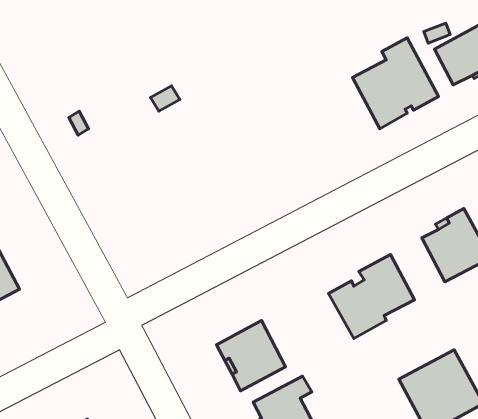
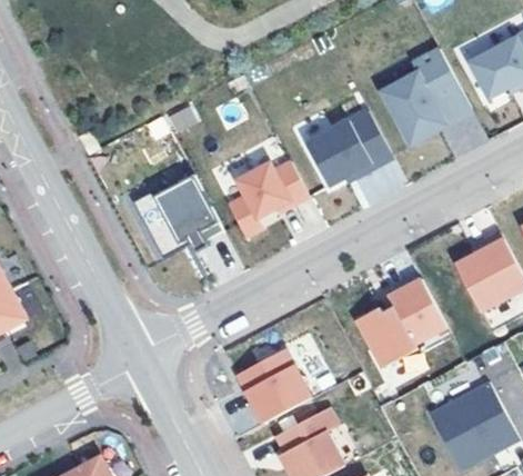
building: none -> [305,111,392,187]
building: none -> [227,160,308,236]
building: none -> [135,177,223,255]

